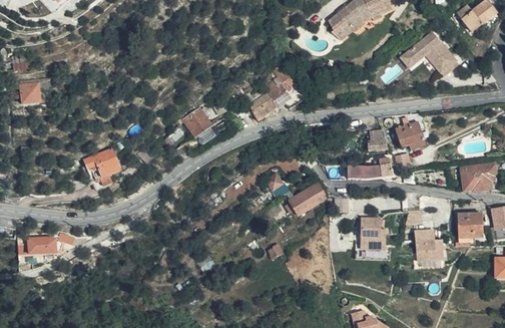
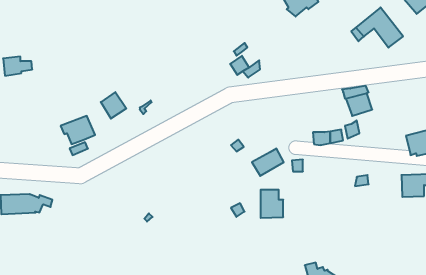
building: [247,91,276,119] -> none
building: [183,110,211,139] -> [101,92,126,119]
building: [366,130,388,152] -> none
building: [359,220,384,251] -> [261,190,283,218]
building: [412,231,443,263] -> none

